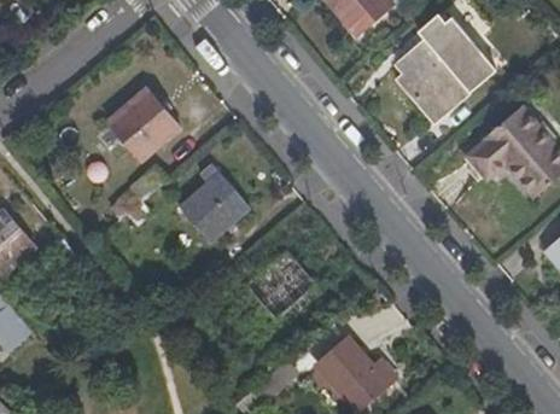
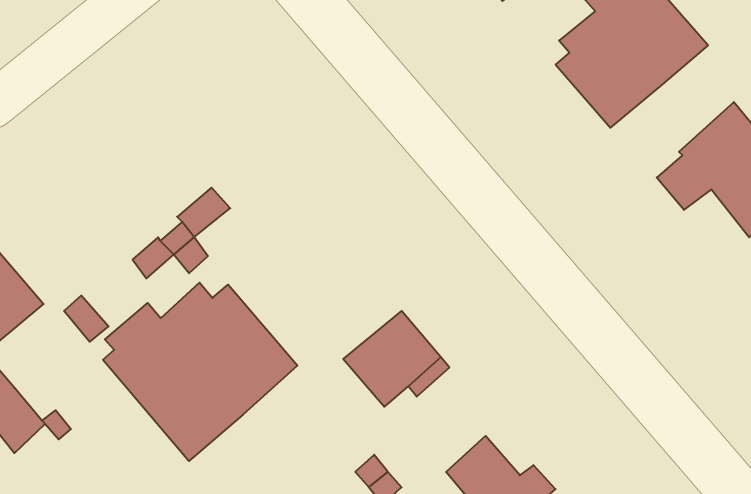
building: [107,89,179,161] -> none
building: [179,173,247,241] -> none
building: none -> [103,283,297,461]

